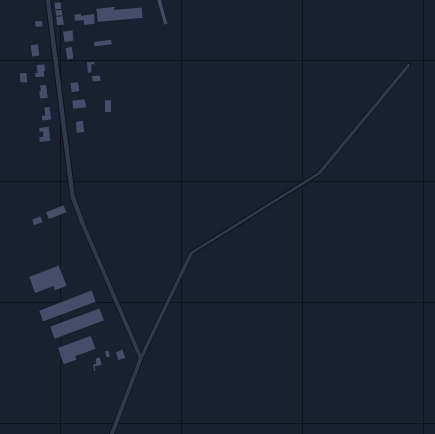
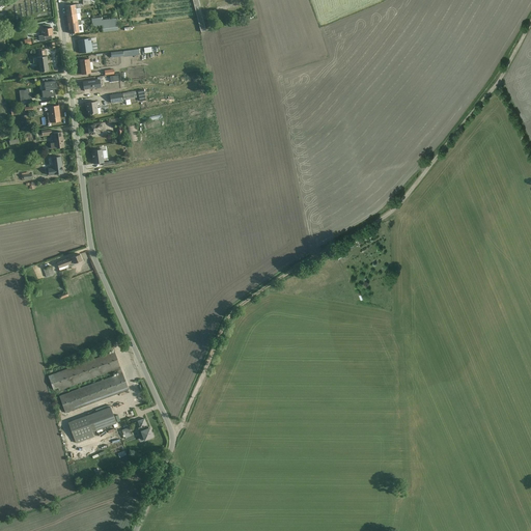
building: [96,6,143,22] -> none
building: [28,265,67,294] -> none

